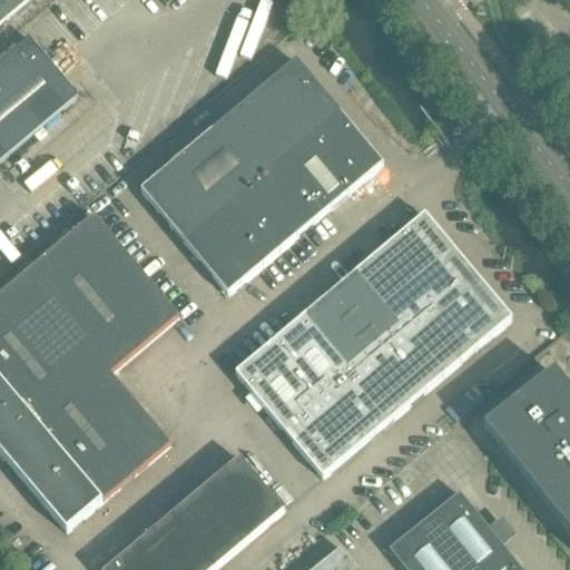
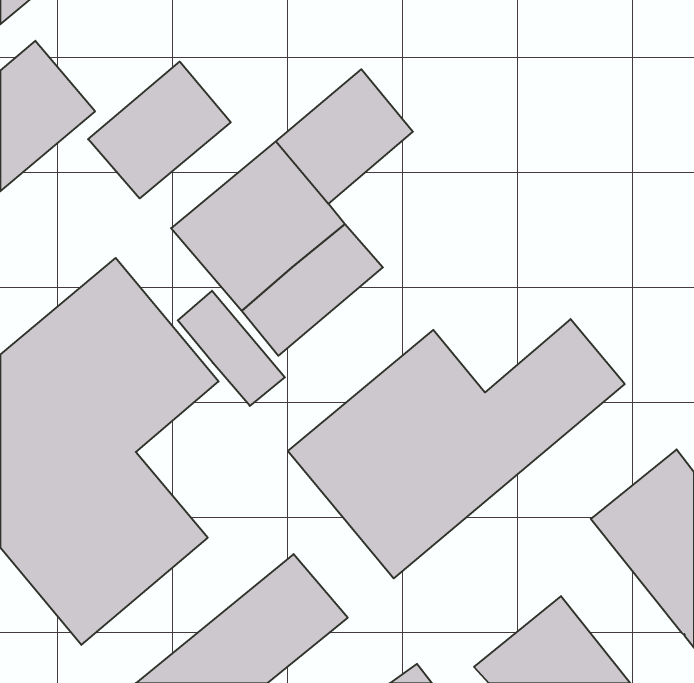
building: none -> [88,62,231,198]
building: [269,108,383,219] -> none
building: [355,212,468,322] -> none
building: none -> [178,291,285,406]

